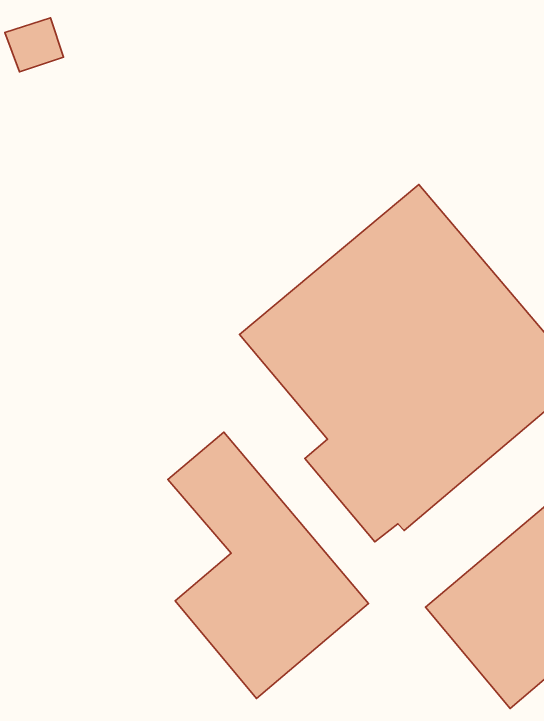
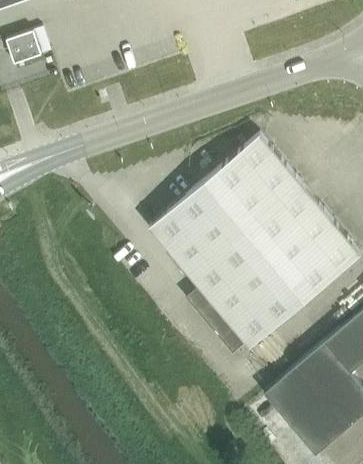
building: [168,432,369,699] -> none

